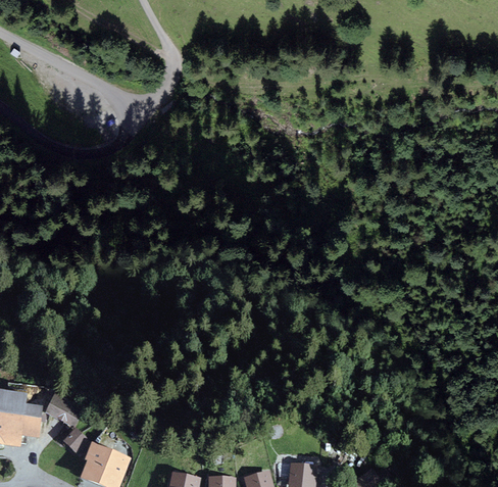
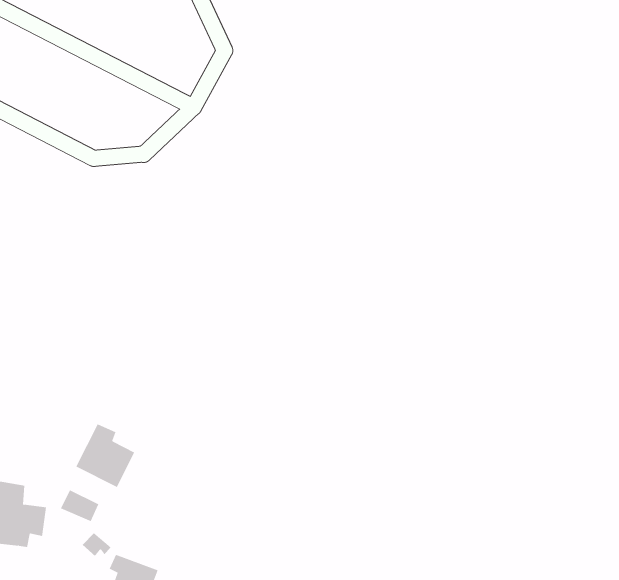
building: none -> [75,424,135,488]

